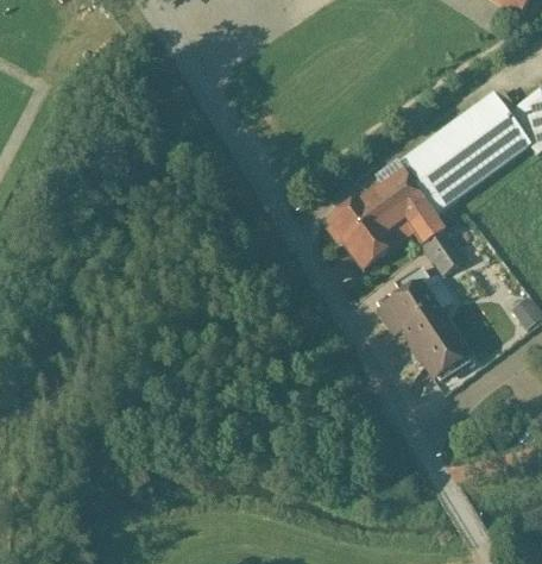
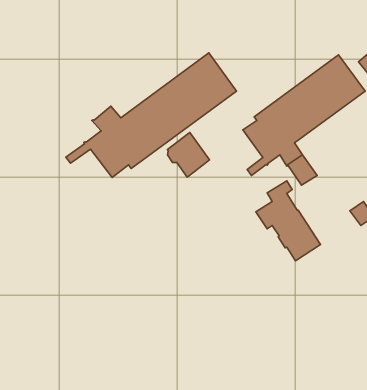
building: none -> [66,53,237,178]
building: [330,196,389,258] -> [167,132,210,177]

